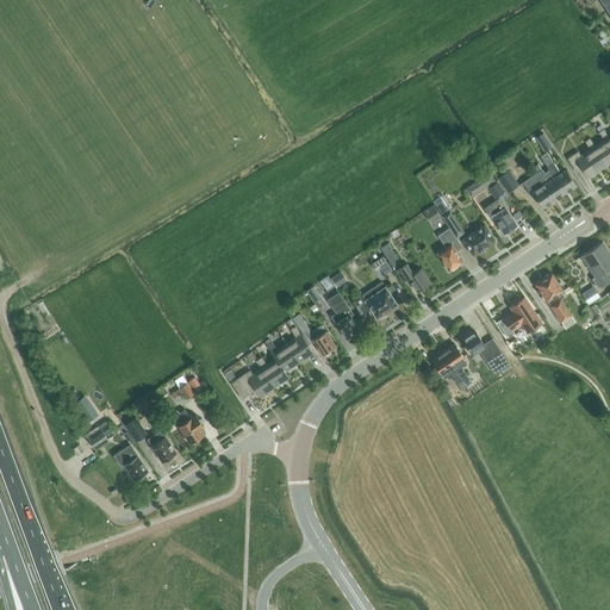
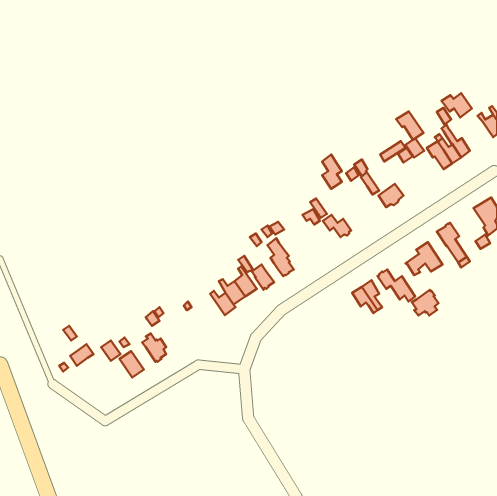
building: [567,150,604,180] -> [442,93,472,117]
building: [484,200,517,235] -> [396,112,423,140]
building: [438,229,462,270] -> [322,155,342,189]
building: [353,282,397,320] -> none
building: none -> [412,290,439,316]
building: [231,369,275,397] -> none
building: [114,446,148,481] -> none

